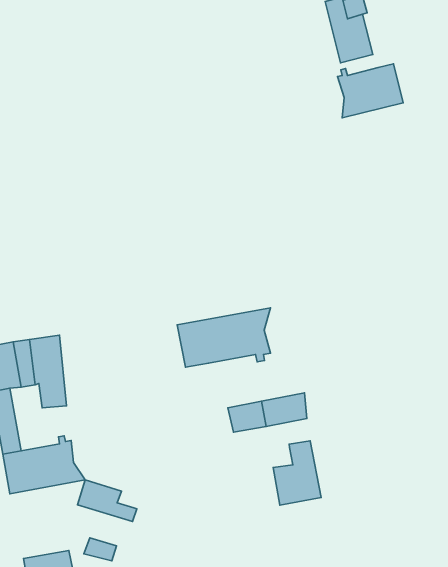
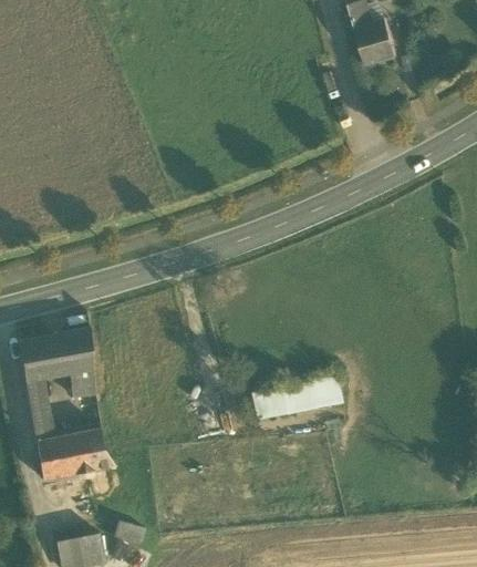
building: [337,64,403,118] -> none
building: [177,308,271,367] -> none
building: [273,441,321,505] -> none
building: [77,480,137,521] -> none

